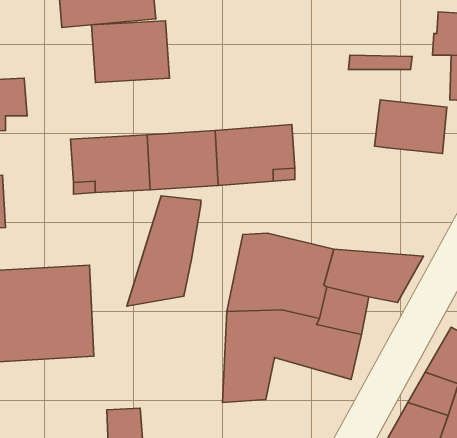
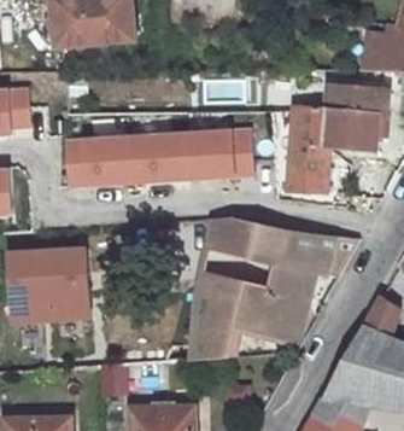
building: [92,21,170,82] -> none
building: none -> [285,105,328,176]
building: [127,196,201,306] -> none

